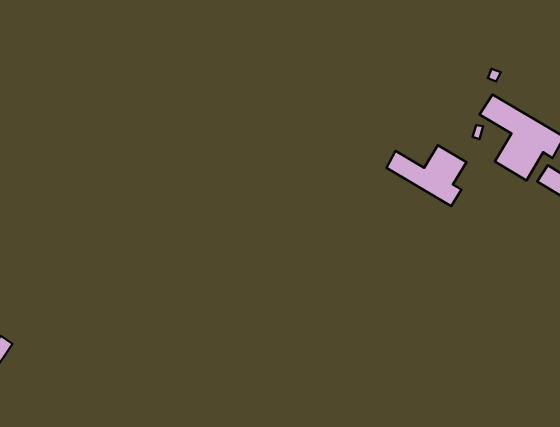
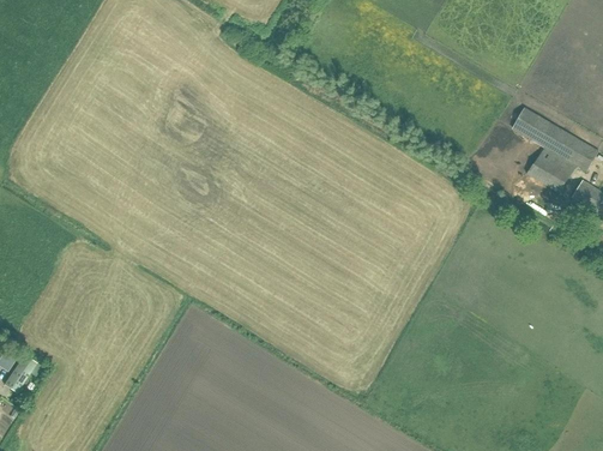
building: [386,145,466,206] -> none

